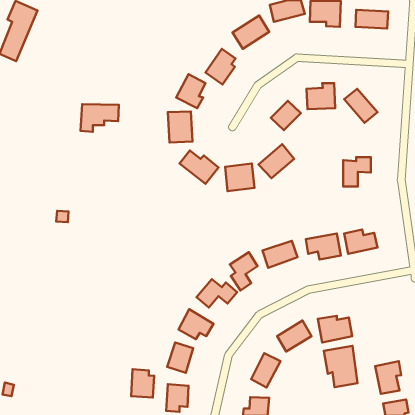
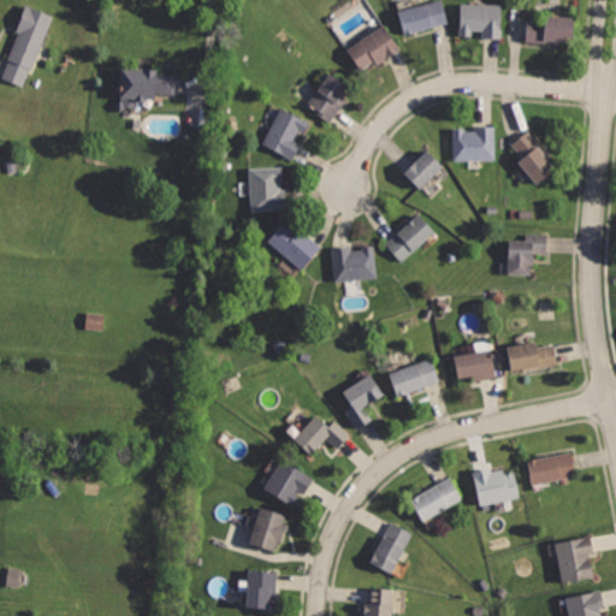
building: [81,104,119,132] -> [117,70,173,111]
building: none -> [527,449,574,482]
building: [324,346,357,387] -> none
building: [131,369,154,398] -> none

